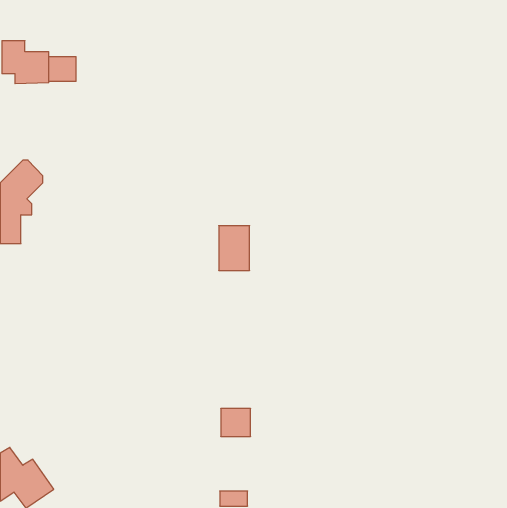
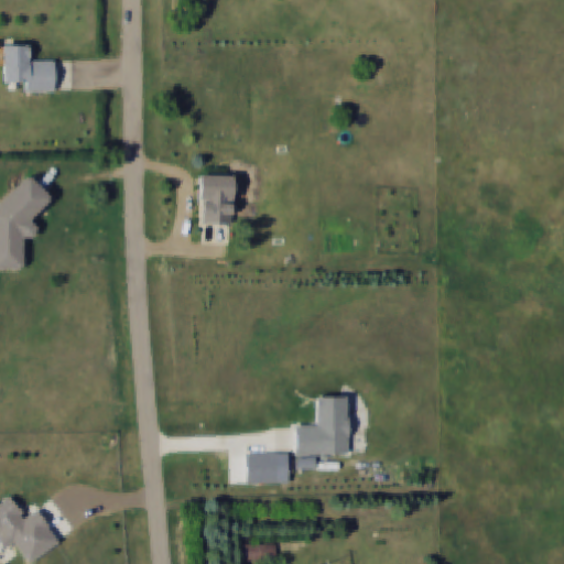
building: [49,57,76,81] -> none
building: [219,226,250,270] -> [199,175,234,225]
building: none -> [294,395,350,456]

